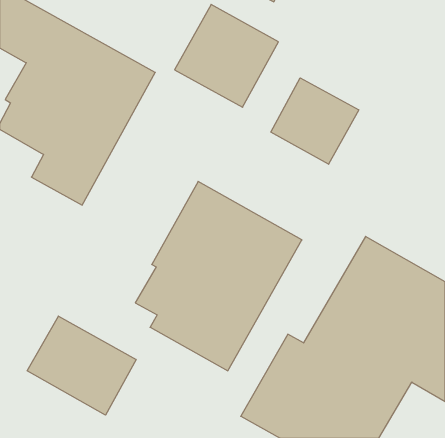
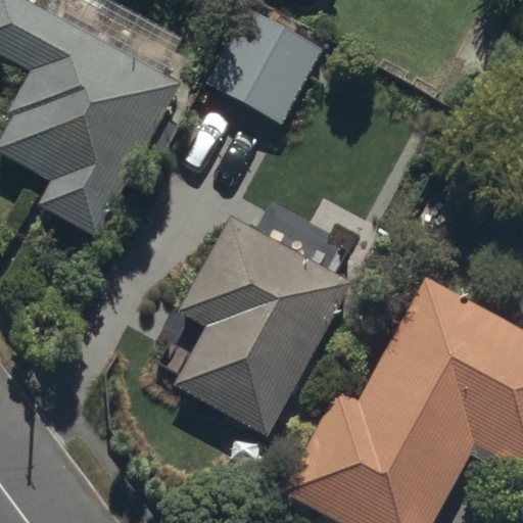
building: [271,78,359,164] -> none
building: [27,316,136,415] -> none

